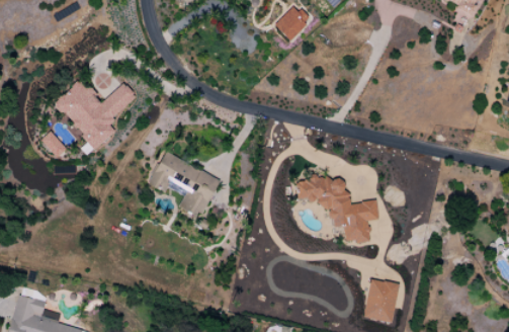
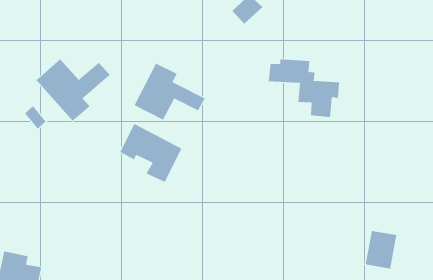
building: none -> [134,63,205,121]
building: [296,177,377,243] -> [268,59,340,117]
building: [362,279,399,323] -> [365,230,397,269]

